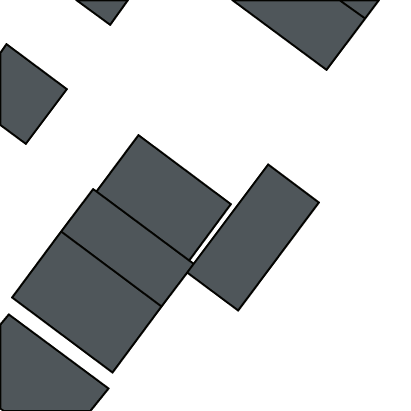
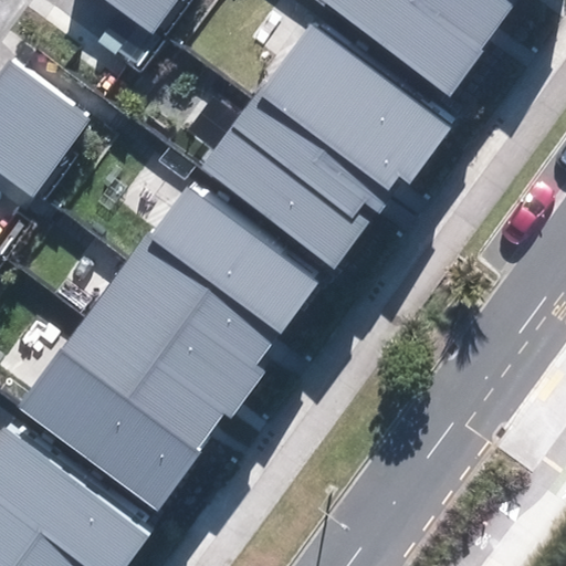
building: none -> [262,24,451,190]
building: none -> [200,97,387,268]
building: [187,164,319,311] -> none

